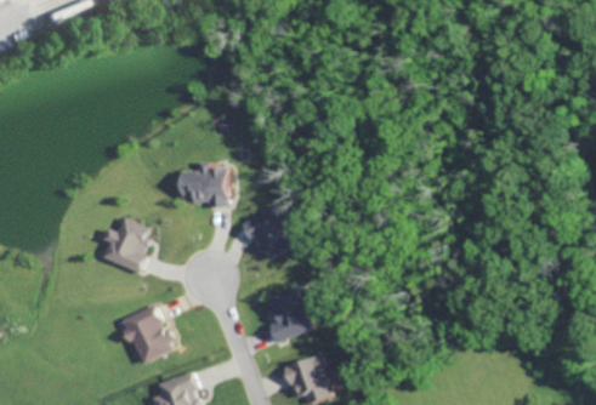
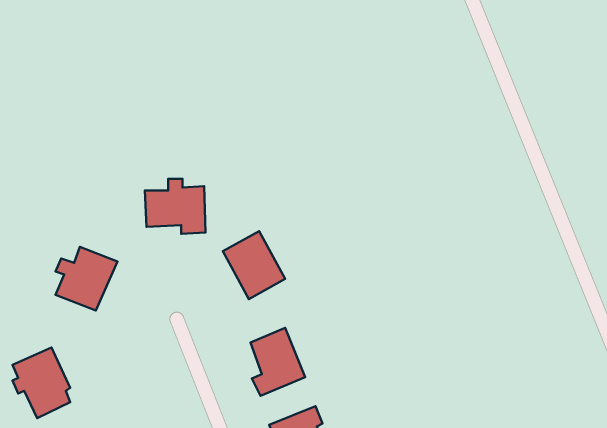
building: [124,304,172,364] -> [13,347,70,418]

